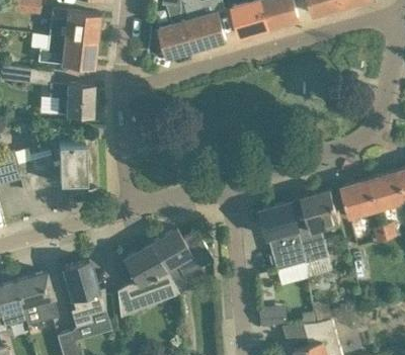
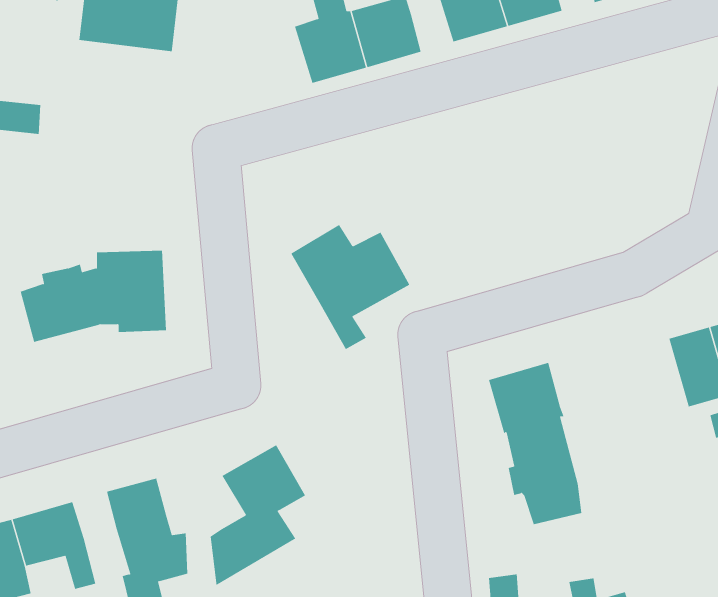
building: [37,35,97,68] -> none
building: [50,83,93,116] -> none
building: [298,190,340,264] -> none
building: [151,229,213,293] -> [291,224,410,350]

